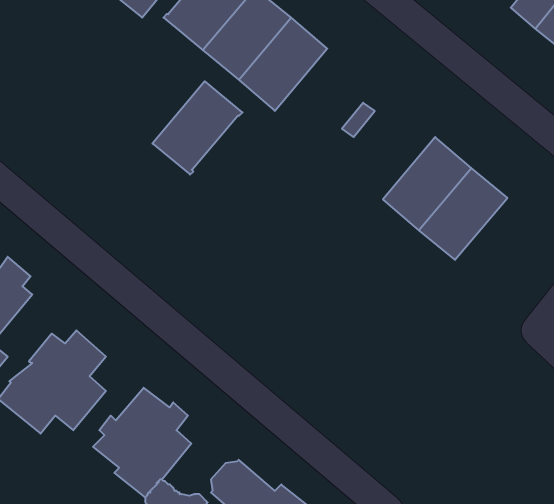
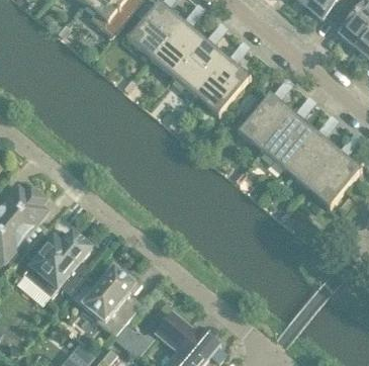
building: [152,81,243,175] -> [195,58,251,115]
building: none -> [238,93,294,151]
building: none -> [306,150,362,208]

